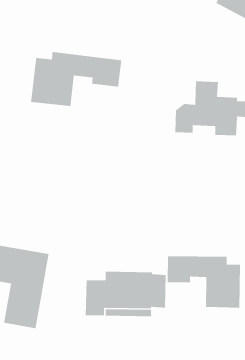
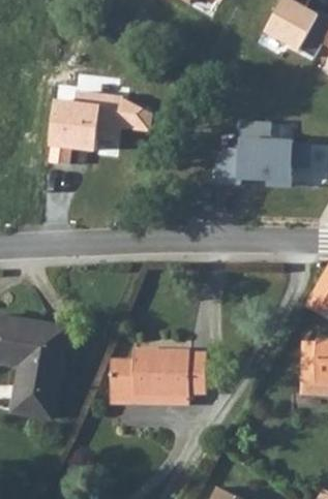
building: [167,256,241,309] -> none

